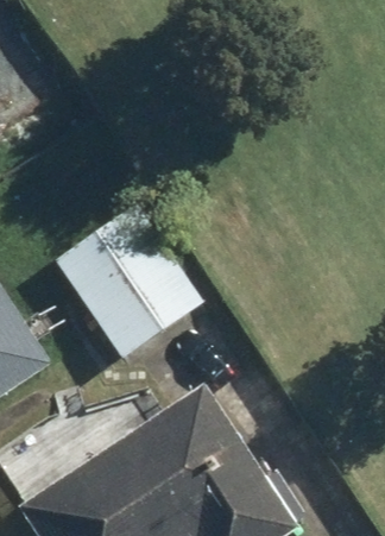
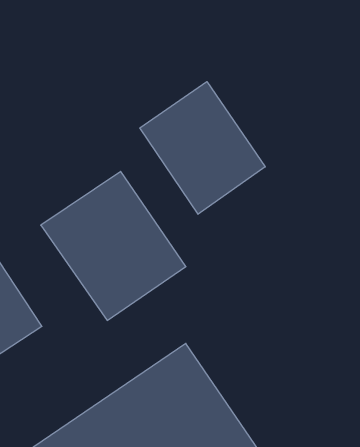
building: none -> [140,82,265,214]

